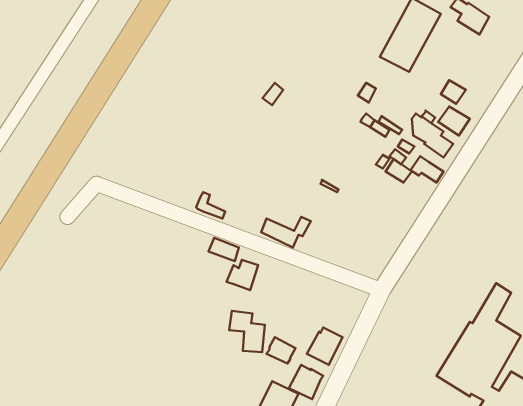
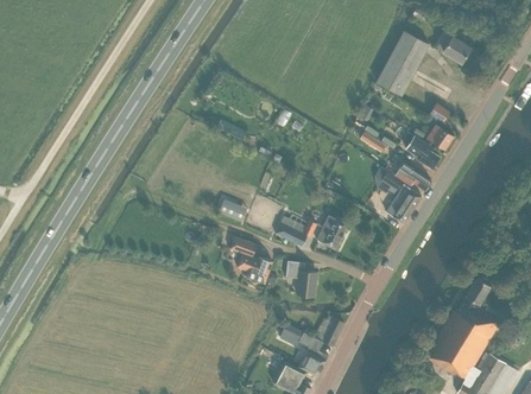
building: none -> [386,185,421,223]
building: none -> [316,215,348,248]
building: [229,311,265,352] -> [285,260,316,296]

